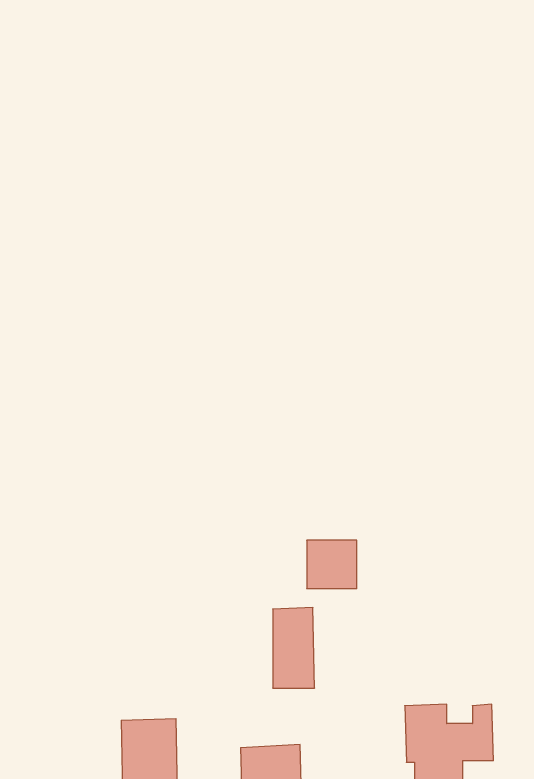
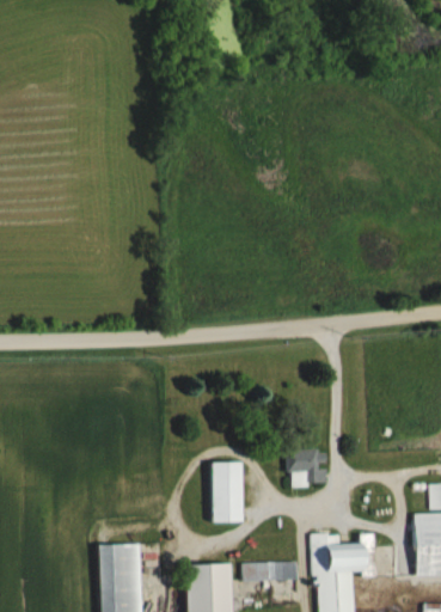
building: [307,540,357,589] -> [287,449,324,485]
building: none -> [241,562,295,579]

